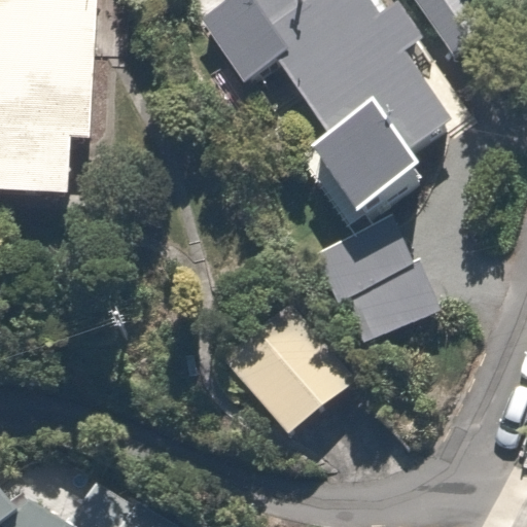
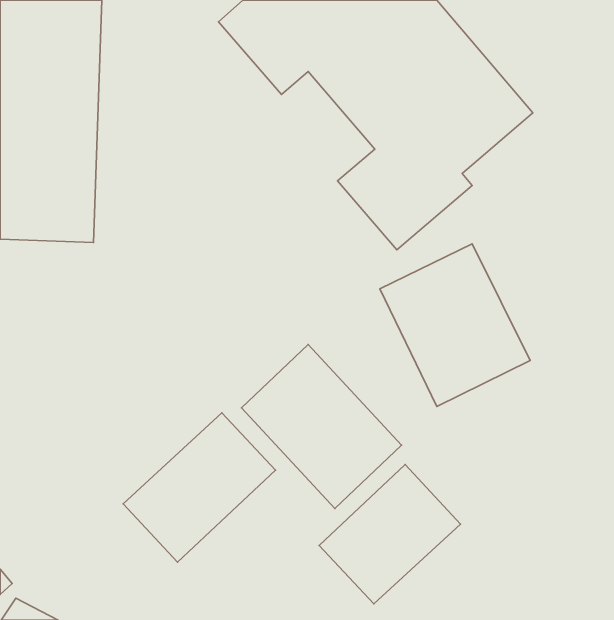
building: none -> [123,413,276,562]
building: none -> [319,465,460,604]

